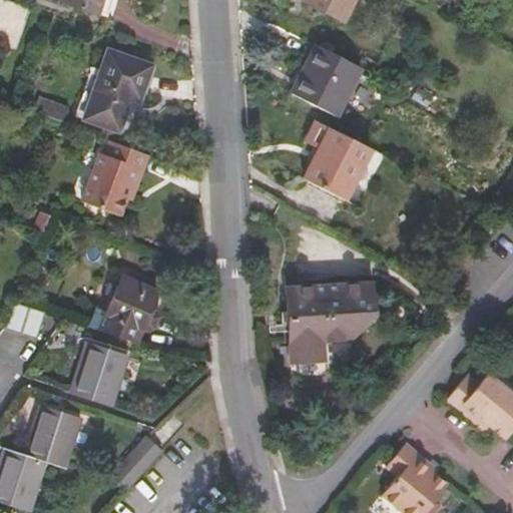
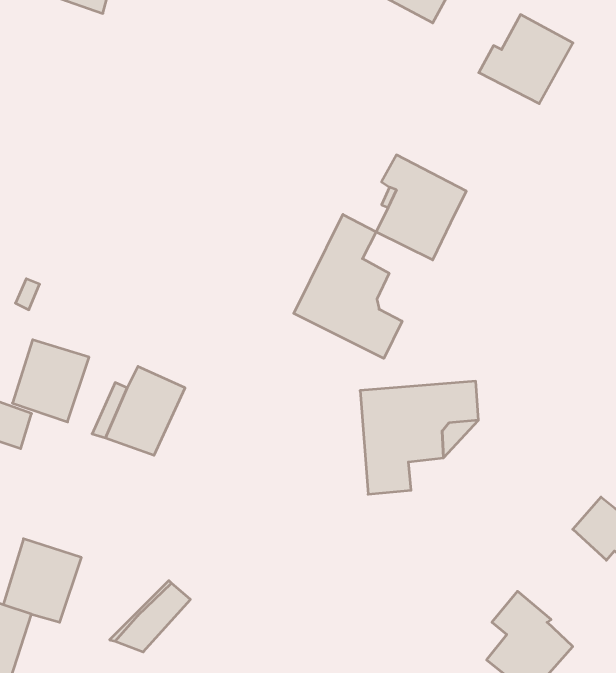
building: [293,49,363,115] -> [479,15,573,104]
building: [84,51,152,130] -> none
building: [82,140,148,216] -> none
building: none -> [294,214,402,358]
building: [71,343,128,404] -> [12,340,89,422]

